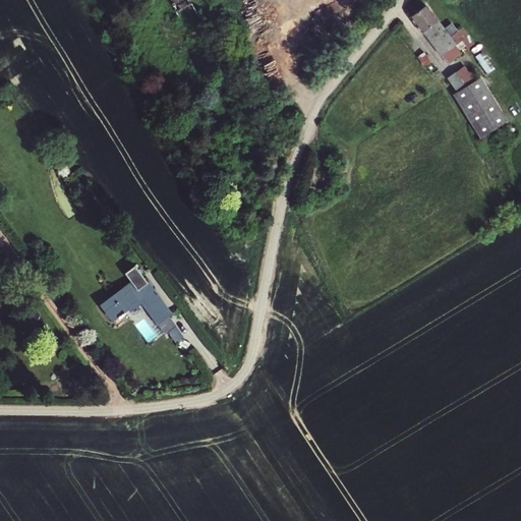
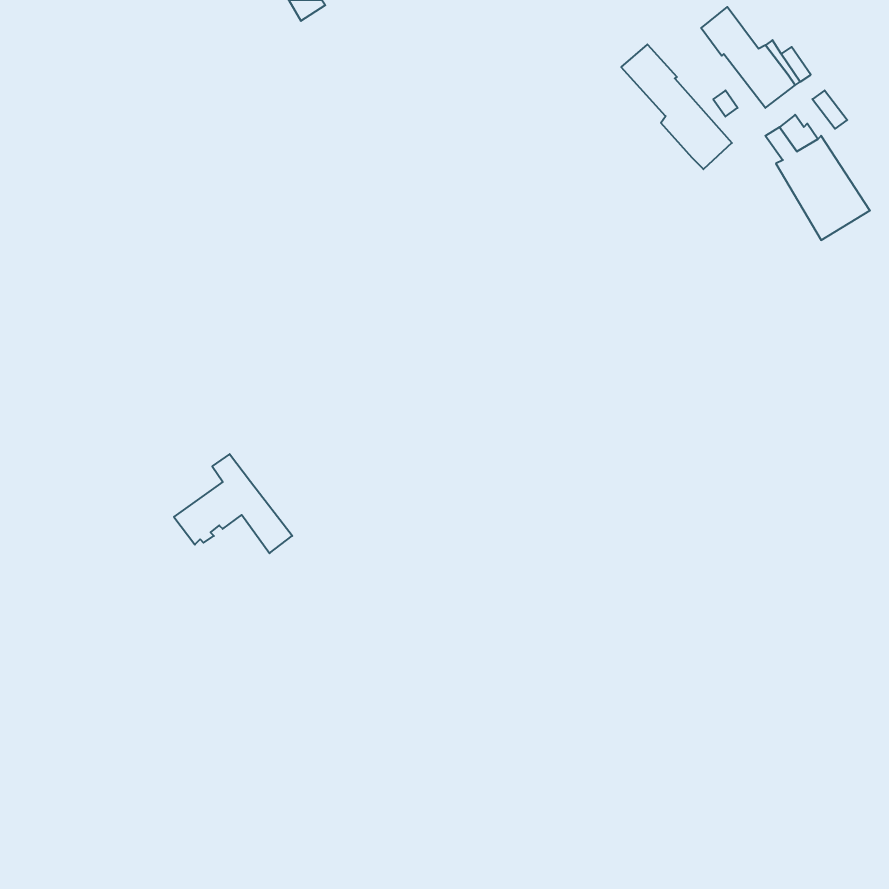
building: none -> [621,44,732,169]

